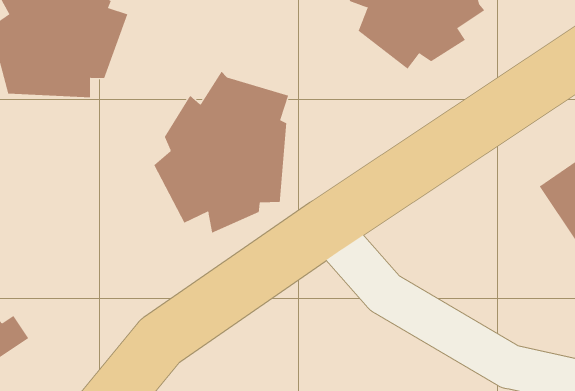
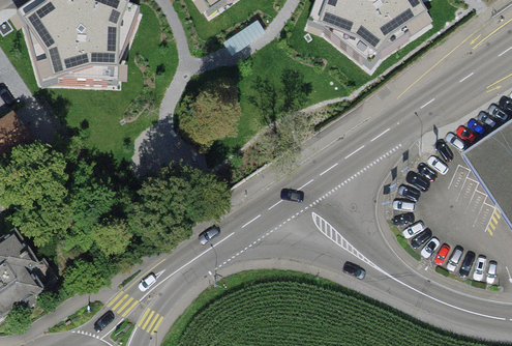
building: [153,71,289,234] -> none

